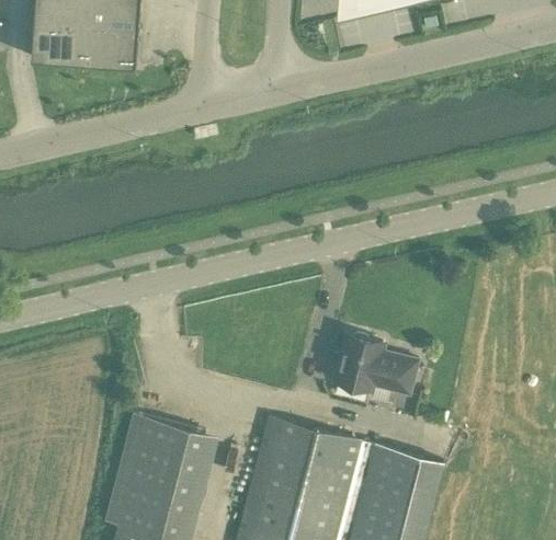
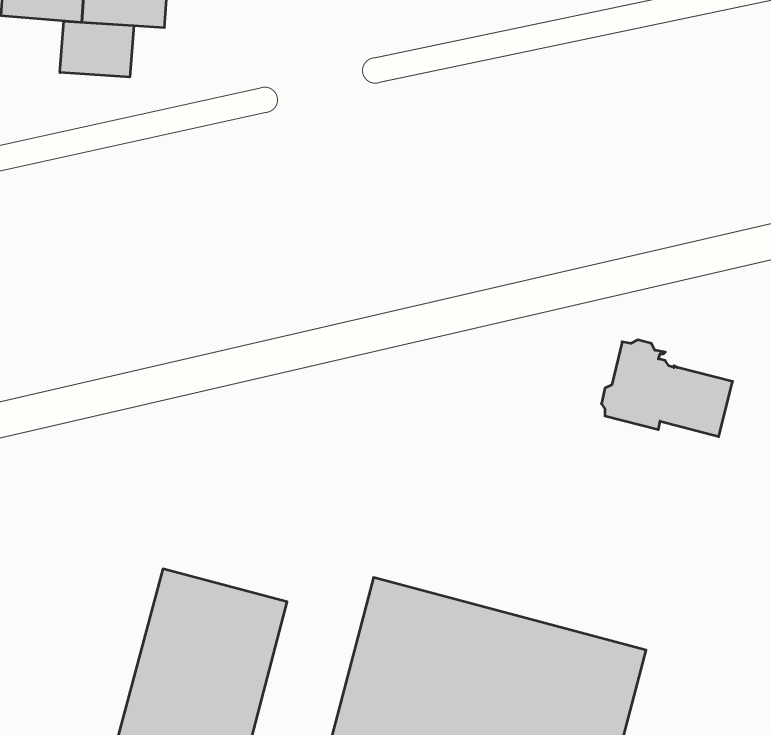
building: none -> [60,21,134,77]
building: [333,334,417,395] -> [601,340,733,437]

